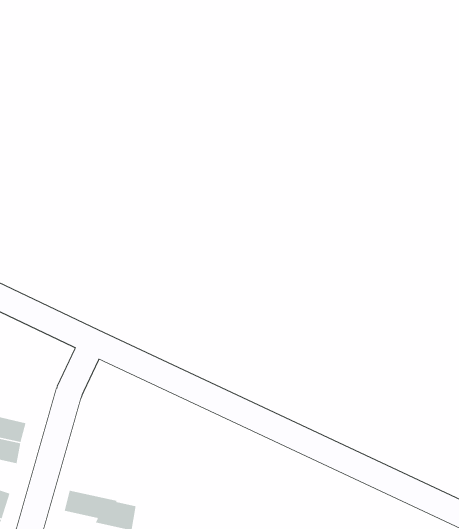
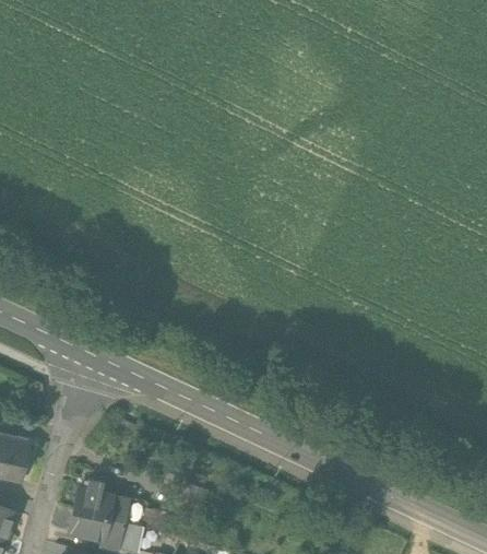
building: none -> [73,480,128,521]

